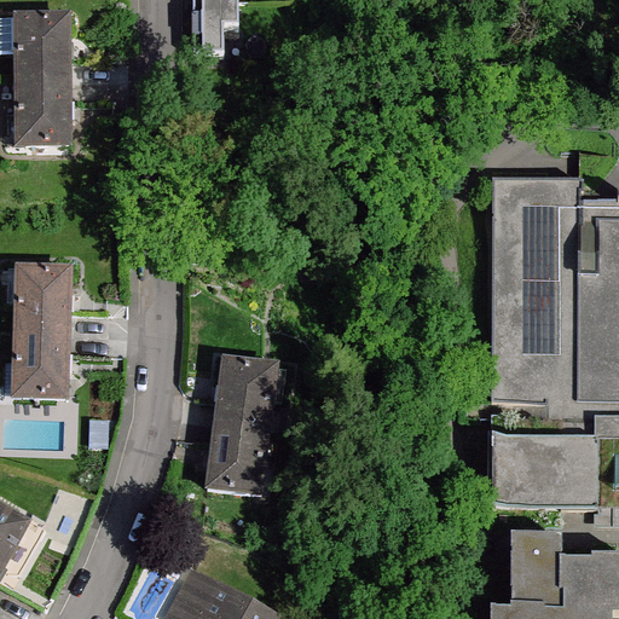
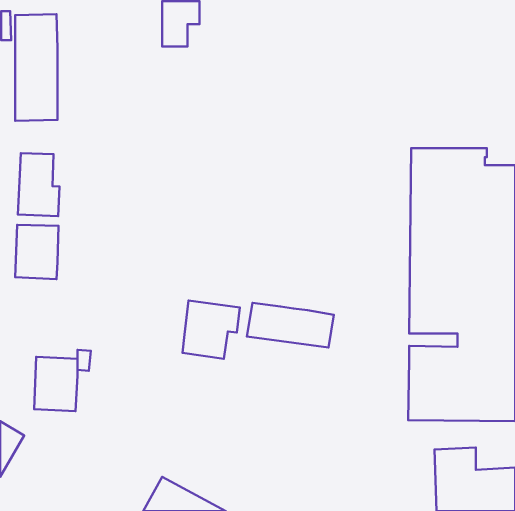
building: none -> [18,153,59,216]
building: [16,332,68,398] -> [34,357,78,411]
building: none -> [247,303,334,348]
building: [210,423,274,494] -> none

